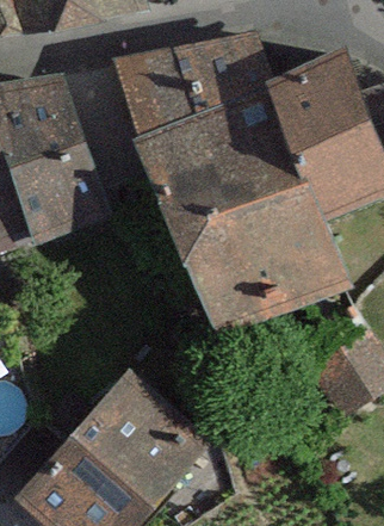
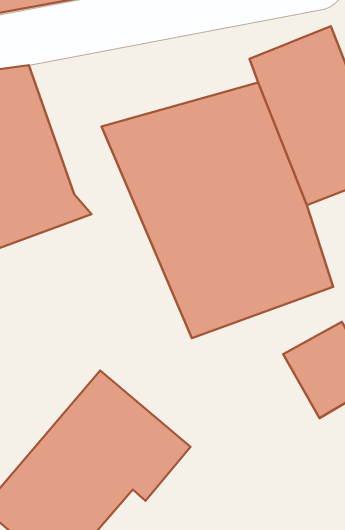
building: [103,31,279,135] -> none

